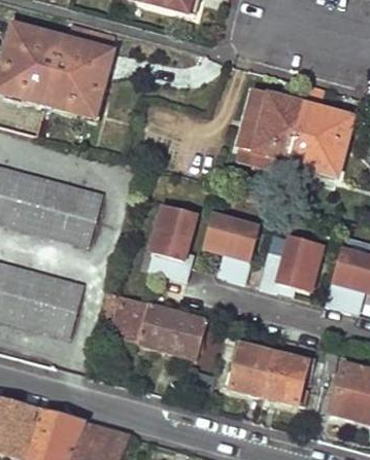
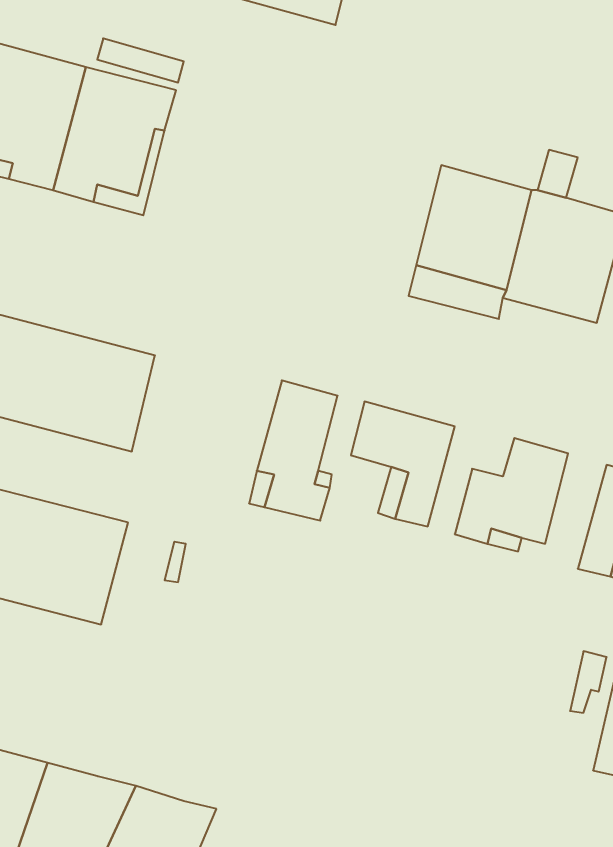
building: [110,294,208,359] -> none
building: [223,344,313,405] -> none

